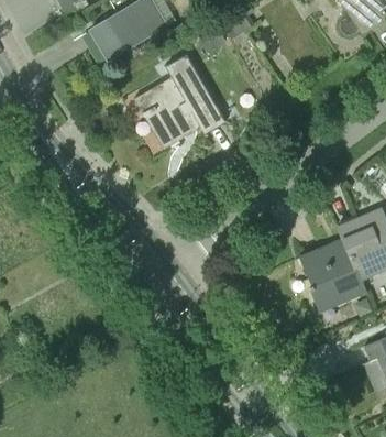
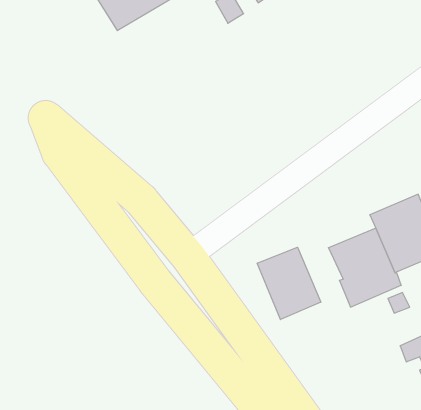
building: [143,54,222,145] -> none
building: none -> [257,247,321,320]

